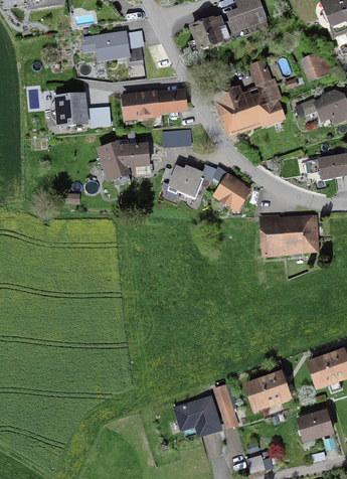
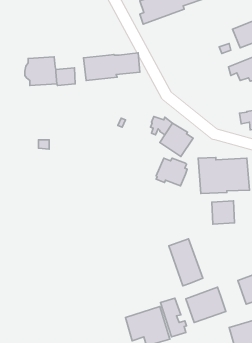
building: [80,29,145,62] -> none
building: [212,58,286,138] -> none
building: [162,128,192,147] -> none
building: [97,129,152,182] -> none
building: [167,165,204,198] -> [156,158,187,186]
building: none -> [212,201,235,224]
building: none -> [169,239,203,286]

